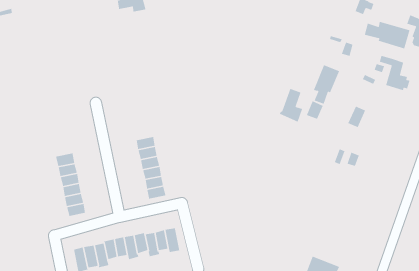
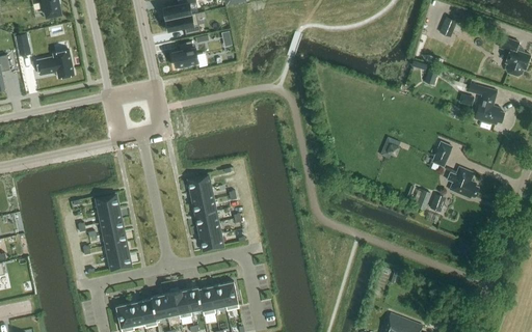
building: none -> [171,42,197,68]
building: [364,21,411,49] -> none
building: none -> [35,50,73,78]
building: [313,64,340,105] -> none
building: [279,88,303,123] -> none
building: none -> [445,167,477,198]

